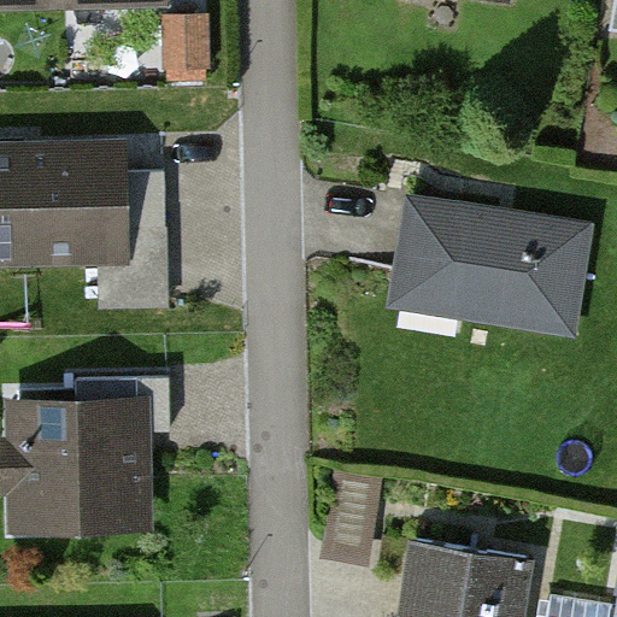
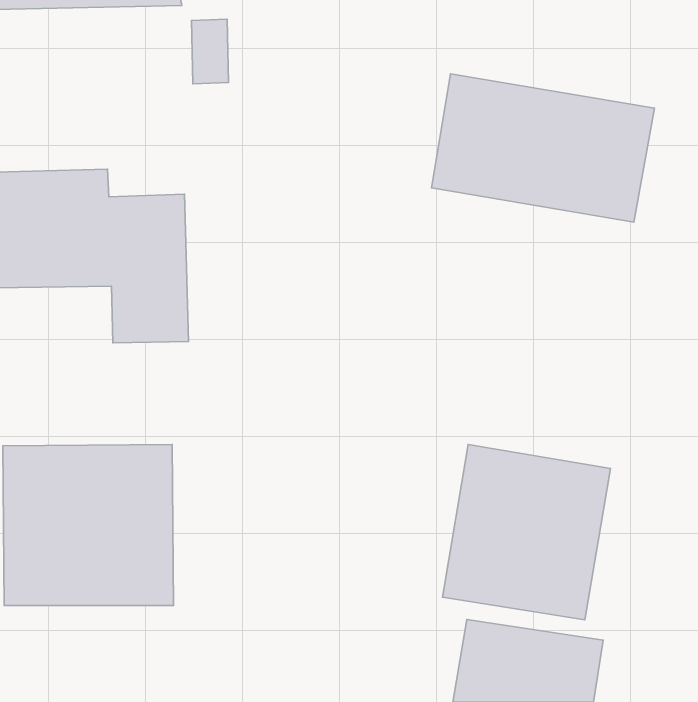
building: [396,195,592,325] -> [431,74,654,222]
building: none -> [442,444,611,620]

